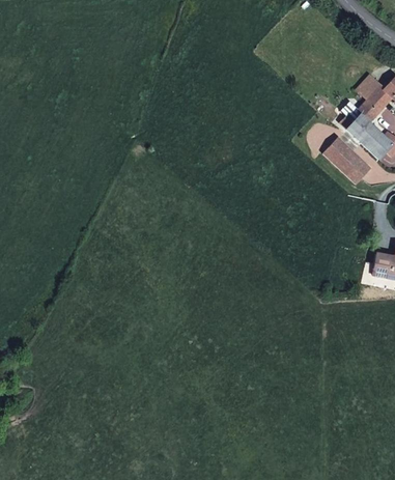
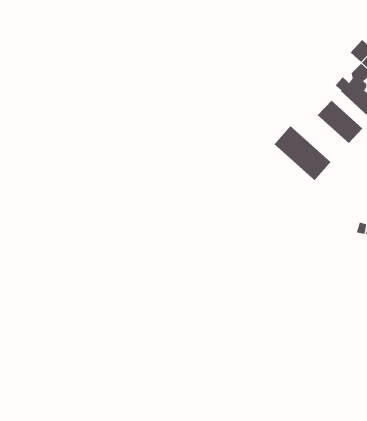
building: none -> [274,125,331,181]

